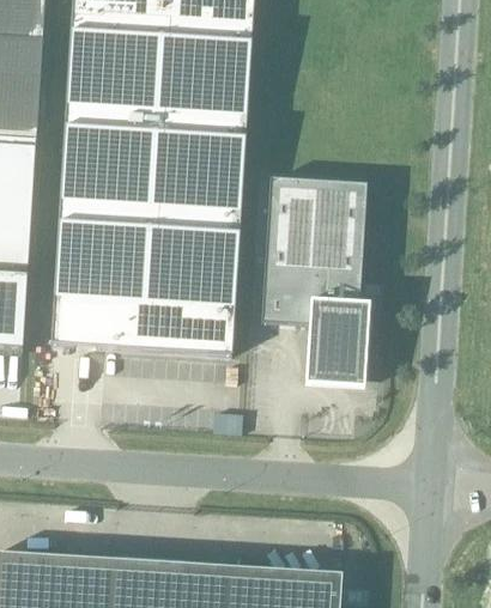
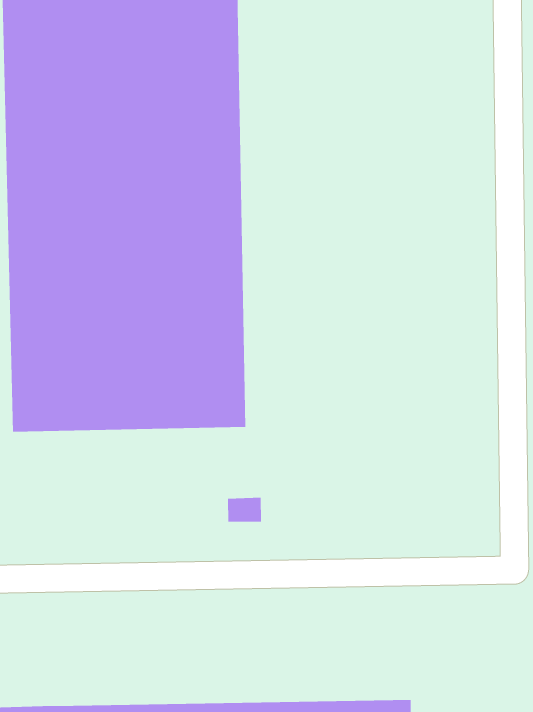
building: [261,178,369,387] -> none

